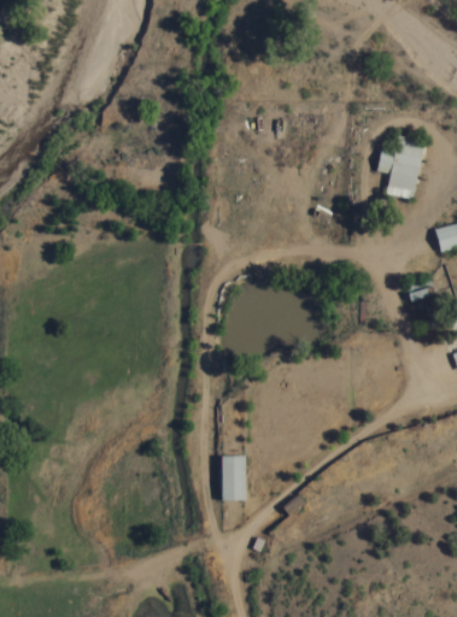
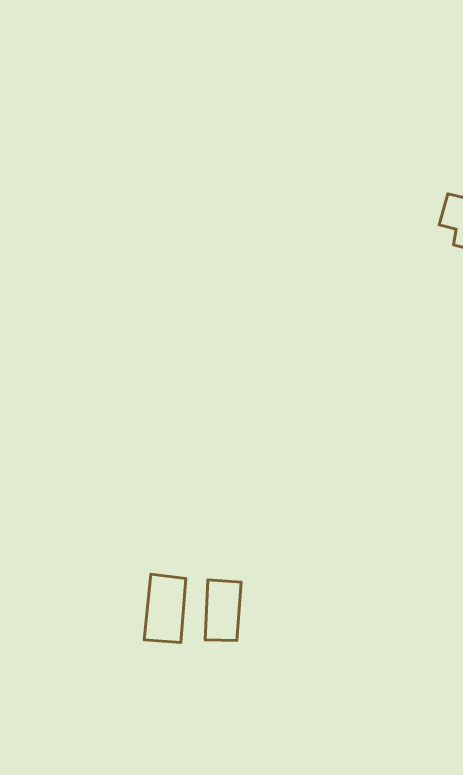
building: none -> [144,574,186,643]

